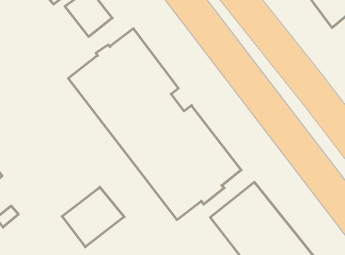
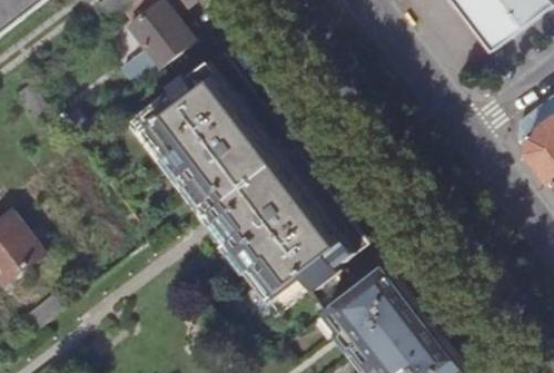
building: [62,187,124,247] -> none

